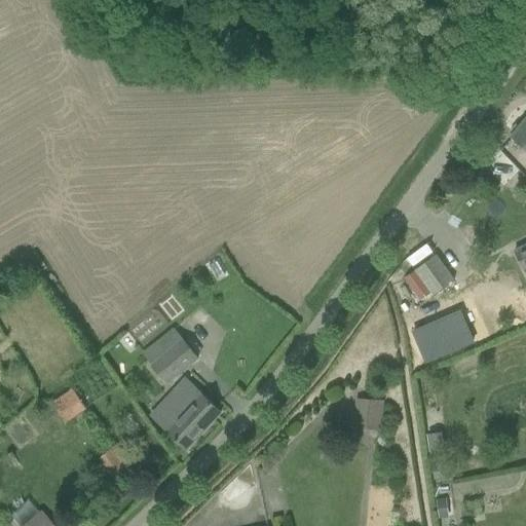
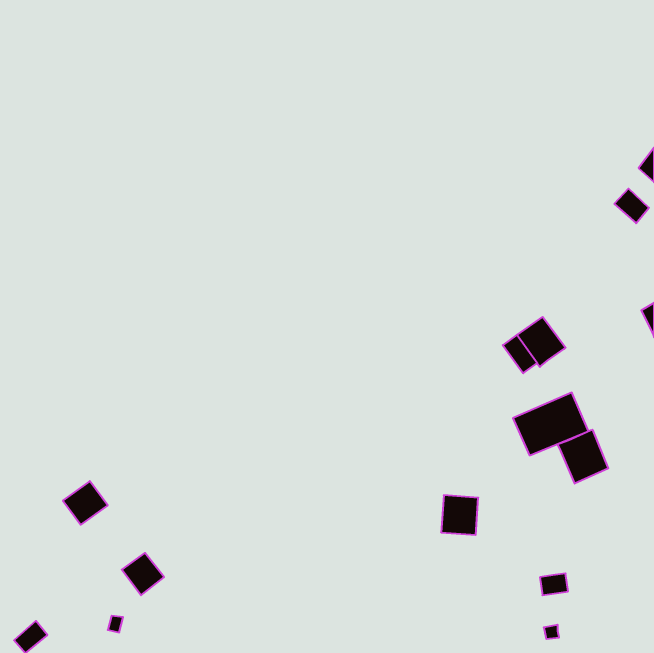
building: [150,337,197,382] -> none
building: none -> [558,430,608,484]
building: [164,384,220,448] -> none

